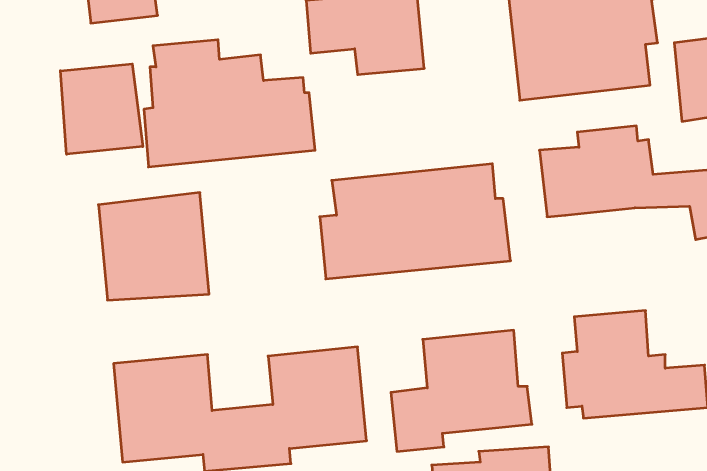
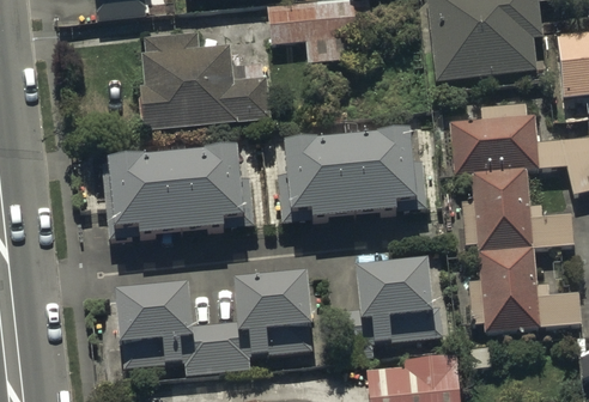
building: [60,64,143,154] -> none
building: none -> [182,147,247,233]
building: none -> [461,165,576,251]

